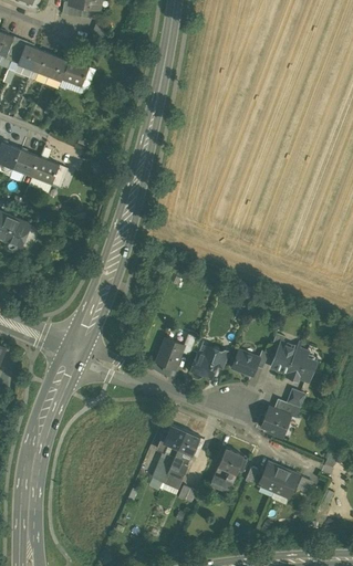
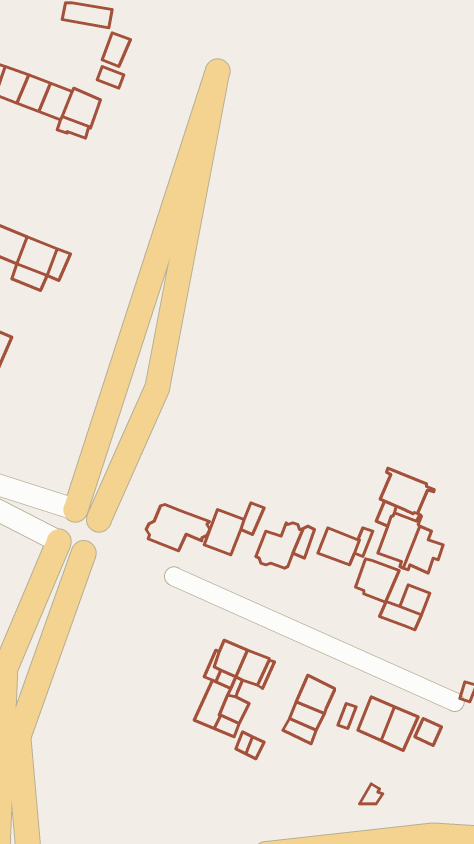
building: none -> [380,468,434,514]
building: none -> [146,504,210,551]
building: [261,408,290,437] -> [356,559,399,602]

